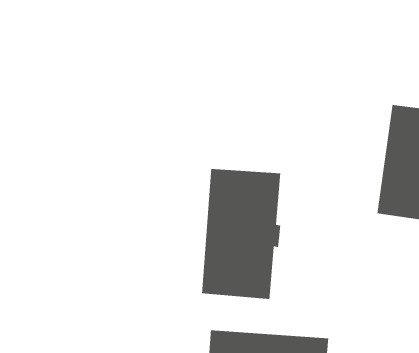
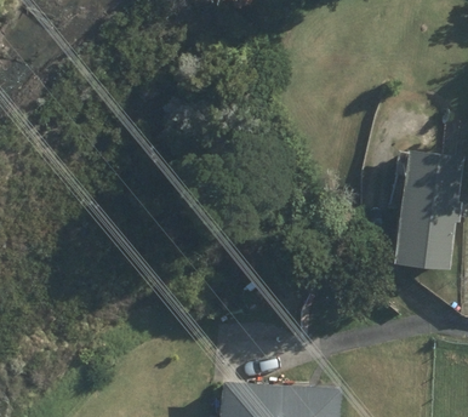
building: [201,168,281,300] -> none

